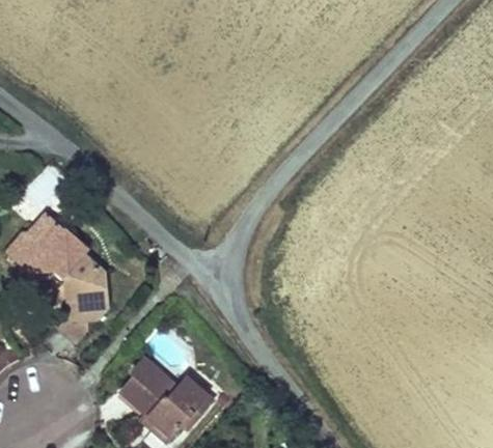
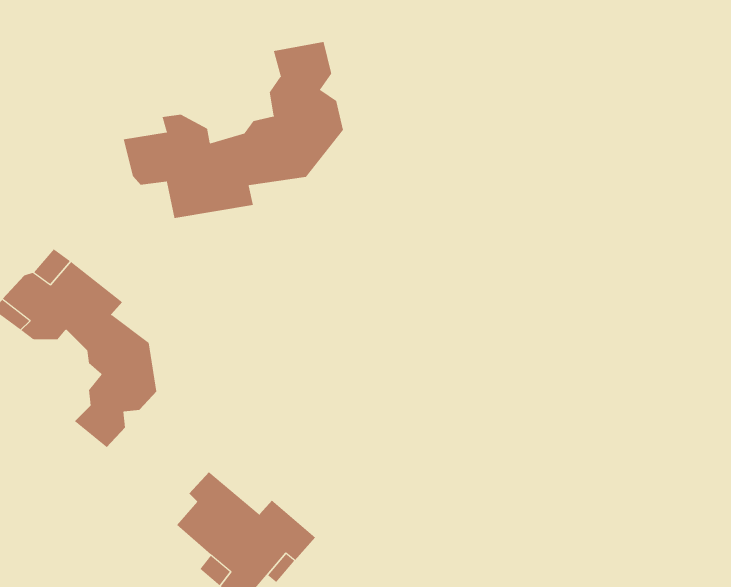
building: none -> [123,41,344,219]

